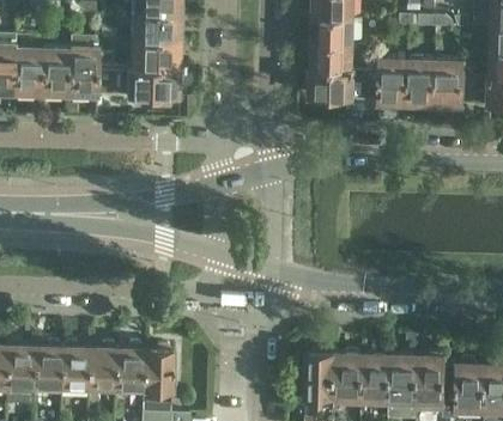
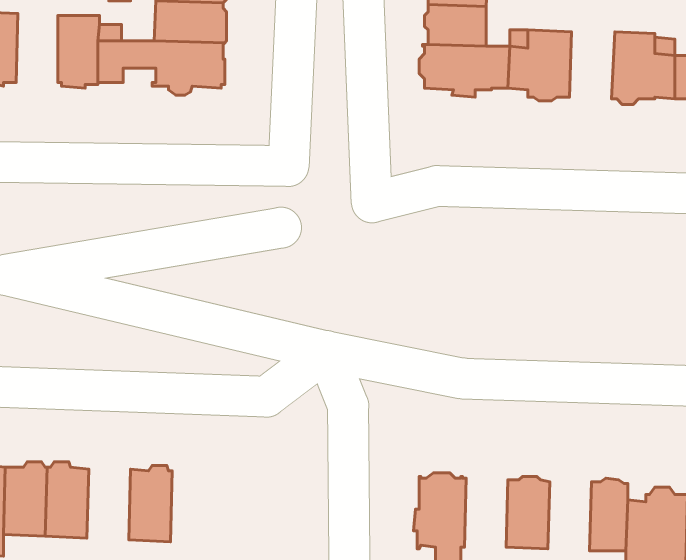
building: [41,48,68,96] -> none
building: [406,60,436,106] -> none
building: [87,344,116,395] -> none
building: [143,346,175,396] -> none
building: [337,353,365,399] -> none
building: [392,354,420,402] -> none

